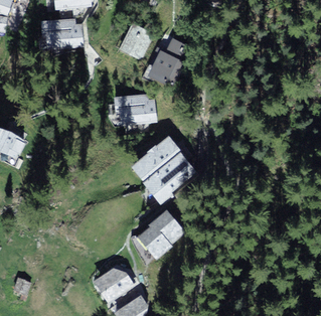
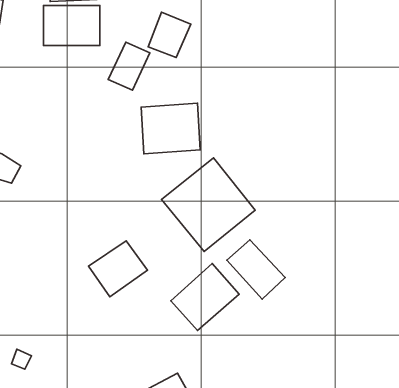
building: [144,46,175,83] -> [108,42,150,90]
building: none -> [227,240,285,299]
building: [93,259,137,301] -> [89,241,147,297]

